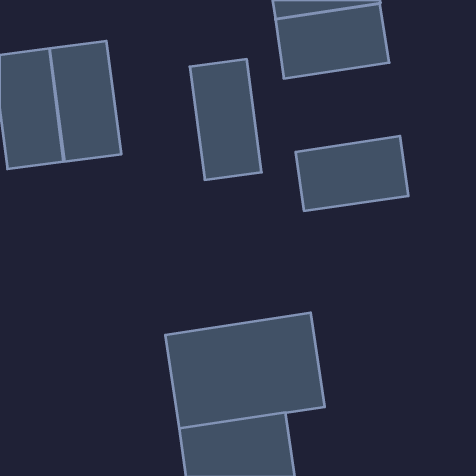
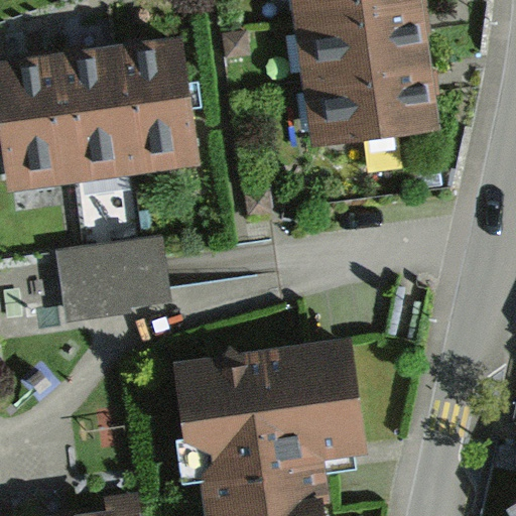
building: [190,59,262,180] -> [115,37,192,167]
building: [296,136,408,211] -> [307,70,429,150]
building: none -> [56,239,172,318]

